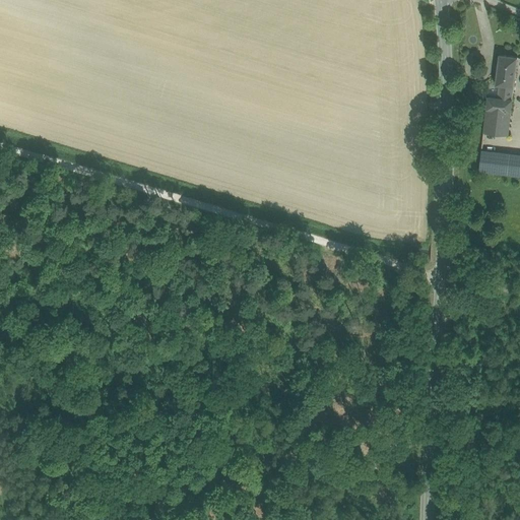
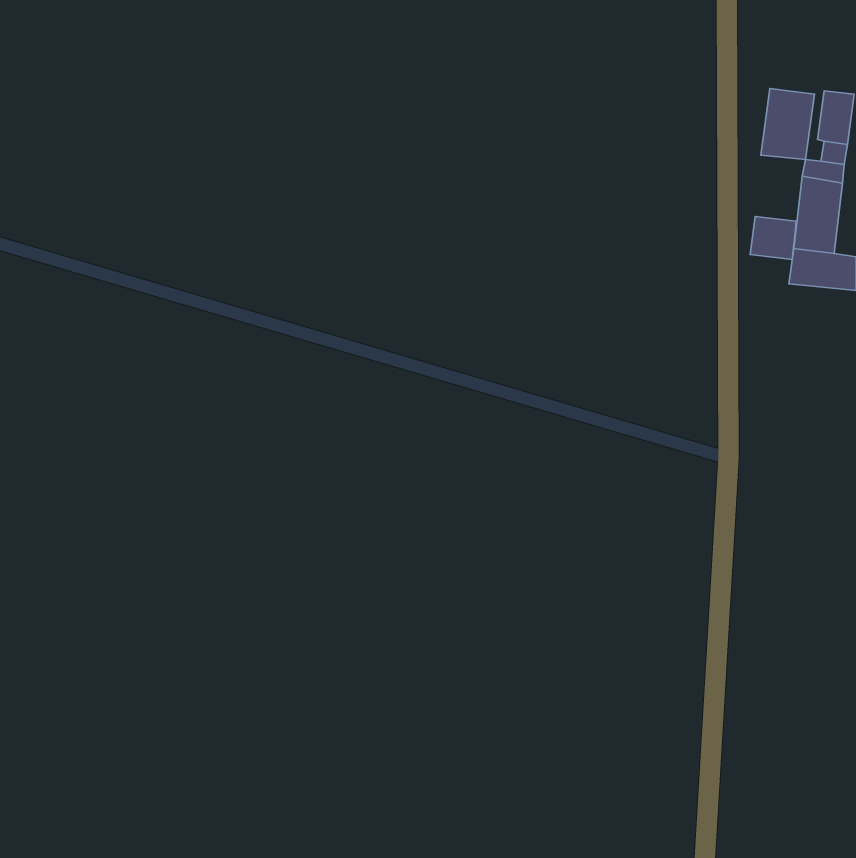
building: none -> [761,89,814,160]
building: none -> [750,217,796,260]

